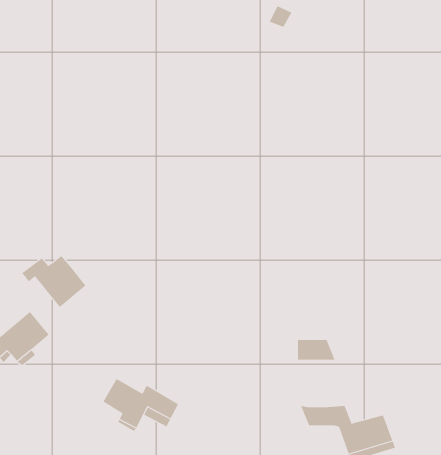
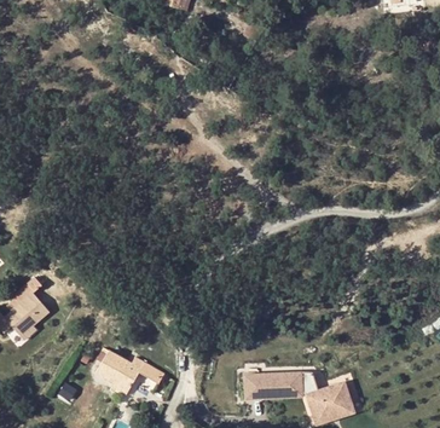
building: [22,255,86,308] -> none
building: [297,340,335,360] -> [244,374,278,392]

